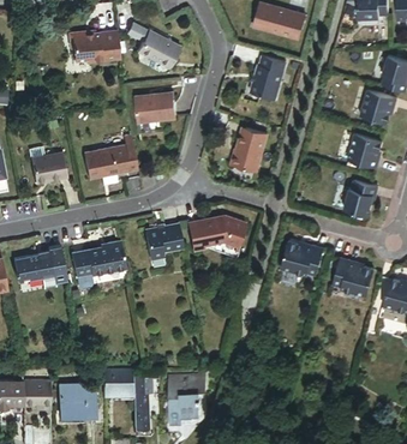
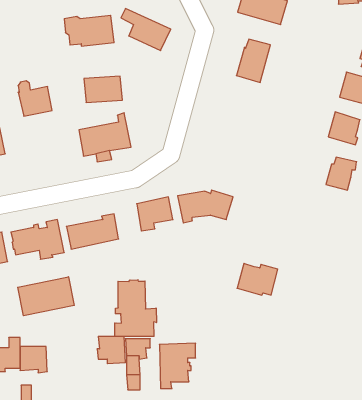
building: [137,94,178,121] -> [84,76,122,102]
building: [237,131,268,173] -> none
building: [31,146,67,184] -> [18,81,52,116]
building: [281,240,324,274] -> [237,263,278,295]
building: [334,256,375,295] -> none
building: none -> [18,277,74,316]
building: none -> [115,280,156,336]
building: [60,380,96,416] -> none

